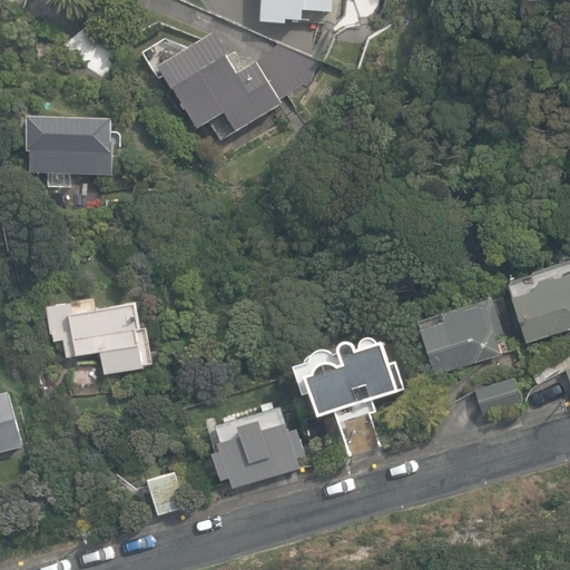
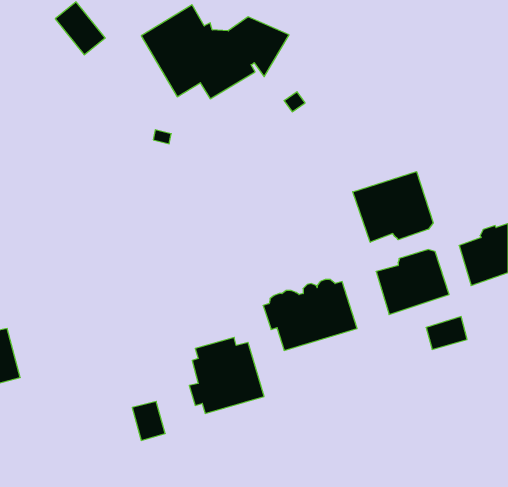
building: [27,116,114,188] -> none
building: none -> [353,172,433,242]
building: [47,299,142,374] -> none

